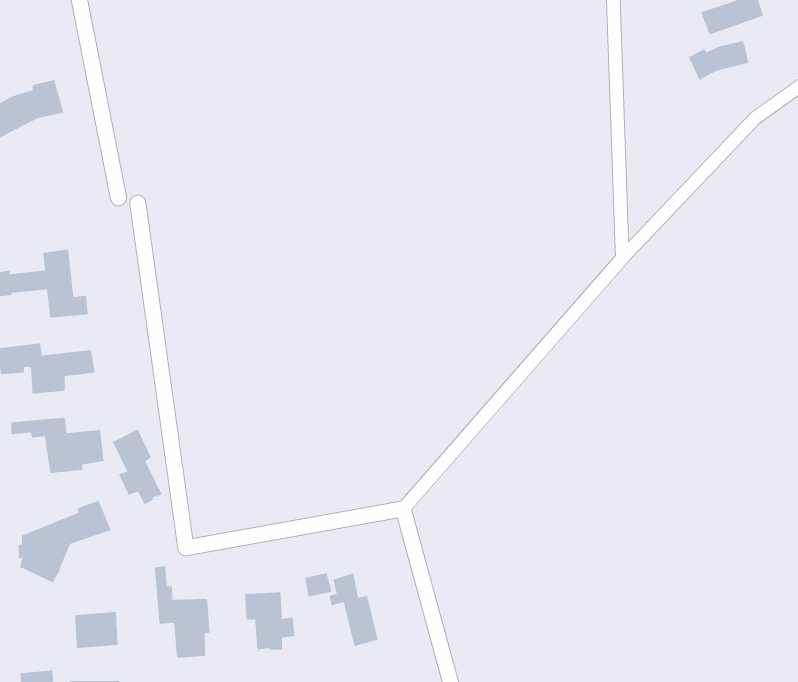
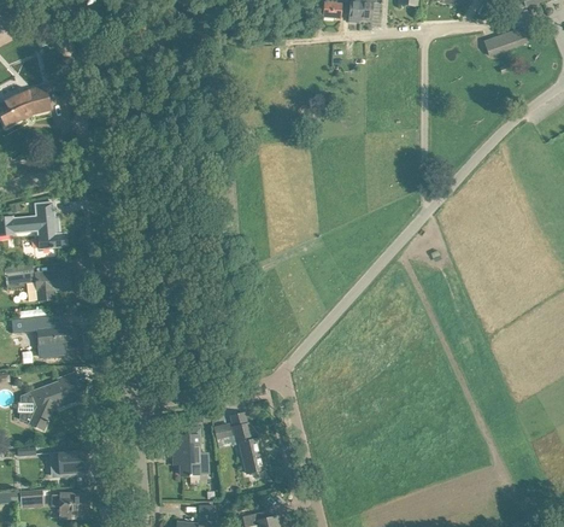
building: [688,40,749,81] -> none
building: [112,428,162,506] -> none
building: [154,565,210,659] -> none

